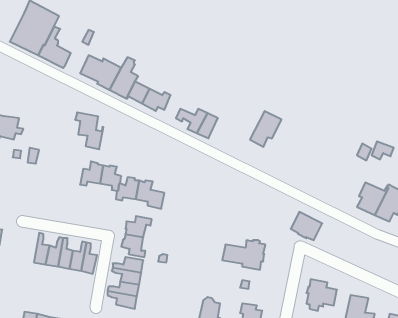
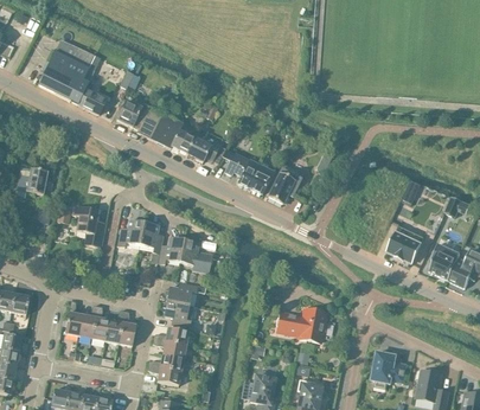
building: [250,111,281,147] -> [268,164,303,204]
building: [75,112,103,149] -> [72,205,104,246]
building: [291,212,322,240] -> [383,230,418,262]

